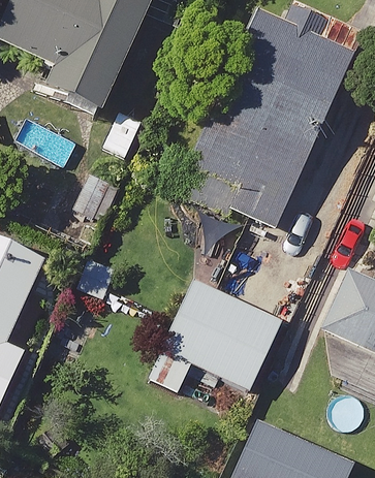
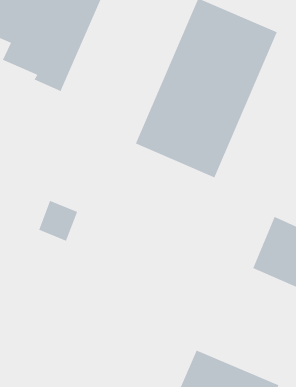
building: [162,275,284,387] -> none

